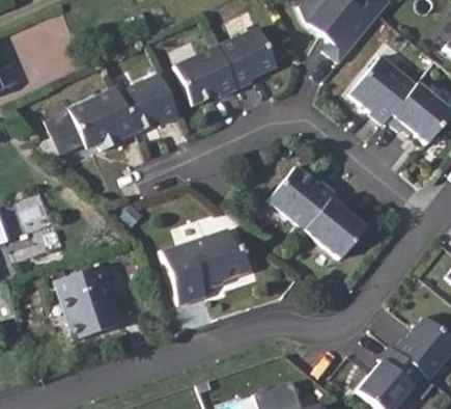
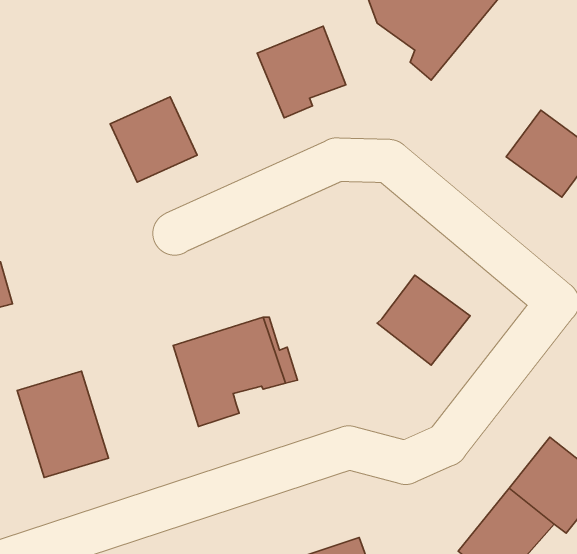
building: [172,45,238,108] -> none
building: [354,56,416,127] -> none
building: [47,87,137,152] -> none
building: [269,165,332,228] -> none

